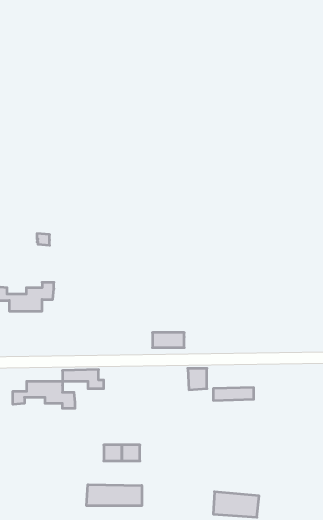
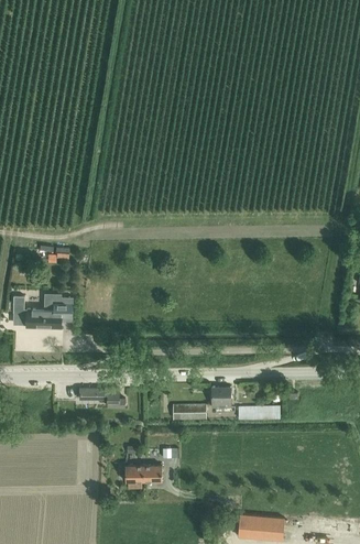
building: [152,333,184,348] -> [173,403,206,418]
building: [13,381,75,408] -> none
building: [87,485,142,506] -> none

